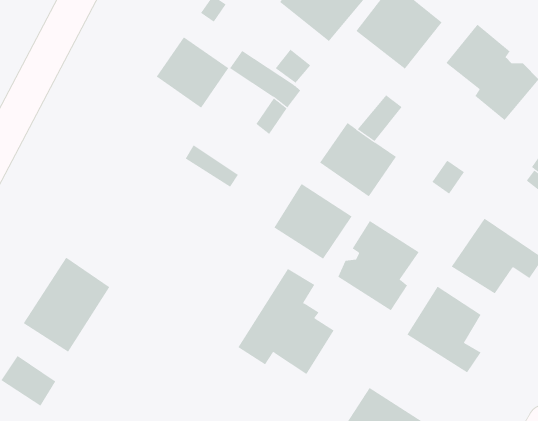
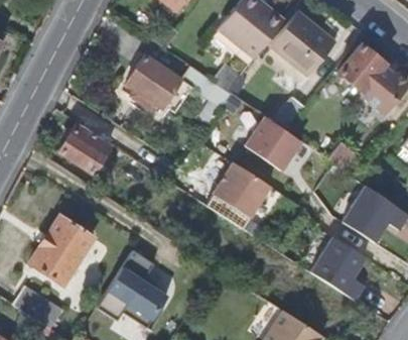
building: none -> [59,122,112,173]
building: [337,220,419,311] -> none
building: [238,268,335,375] -> [99,251,169,329]

